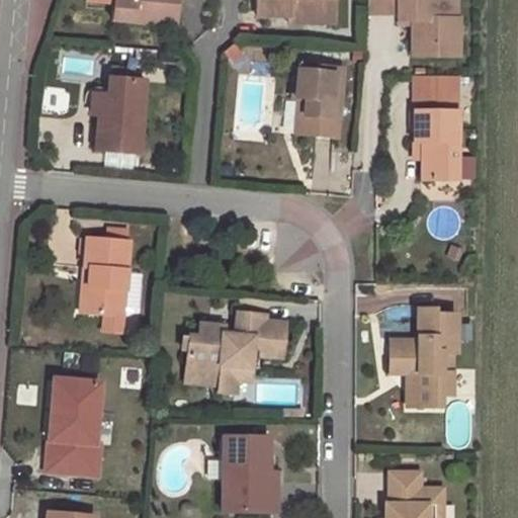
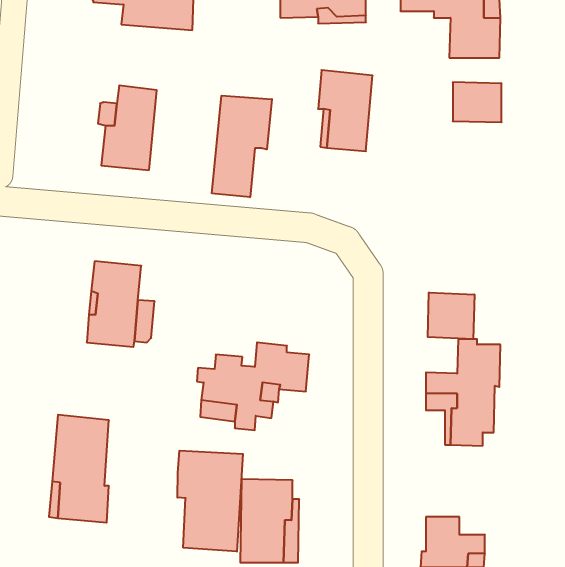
building: none -> [212,96,272,197]
building: [415,110,459,180] -> none
building: none -> [428,292,474,339]
building: none -> [177,451,243,552]

